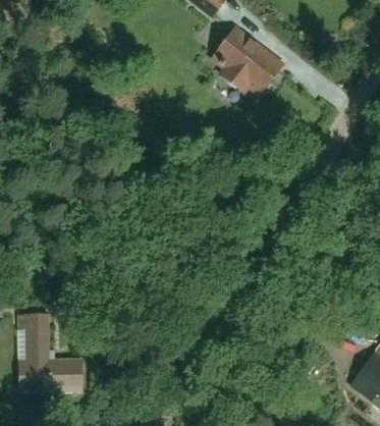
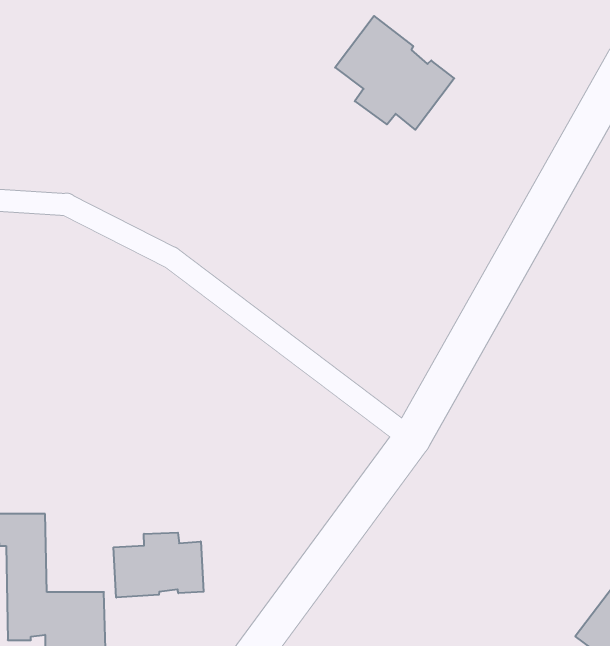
building: none -> [114,533,204,598]

